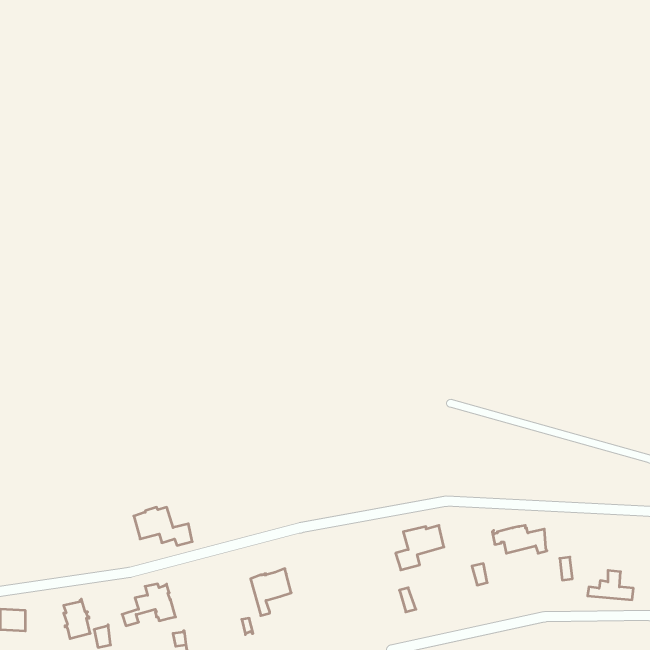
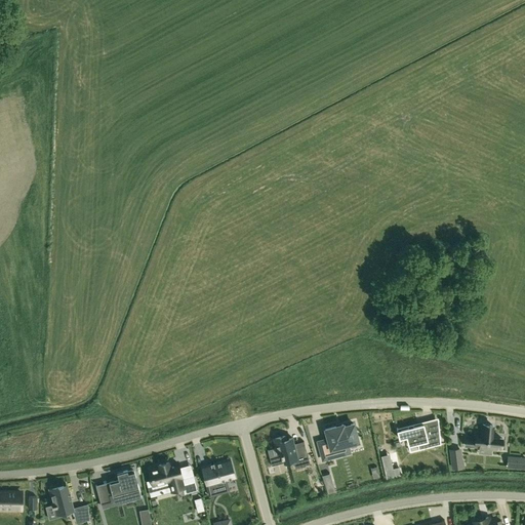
building: [134,507,192,545] -> [150,462,197,493]
building: none -> [274,435,310,468]
building: [588,570,633,600] -> [466,425,502,448]

